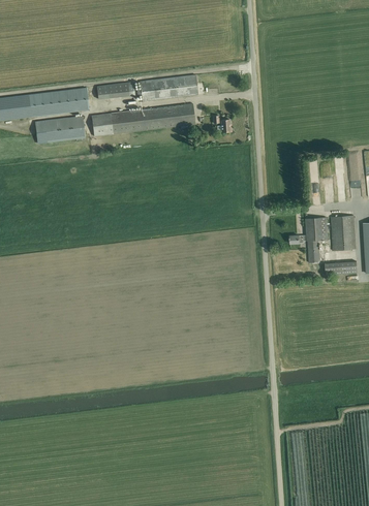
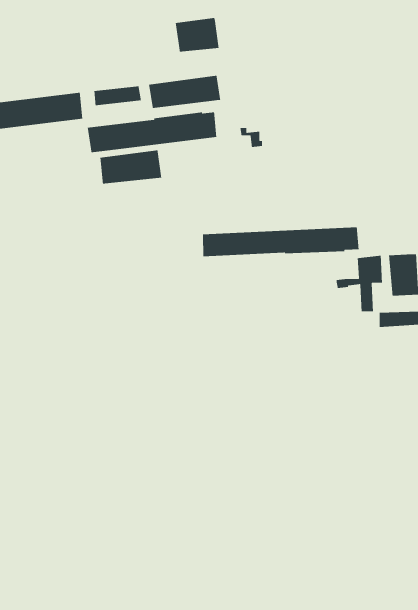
building: none -> [175,17,220,52]
building: [35,115,85,143] -> [100,149,162,185]
building: none -> [202,227,359,257]

